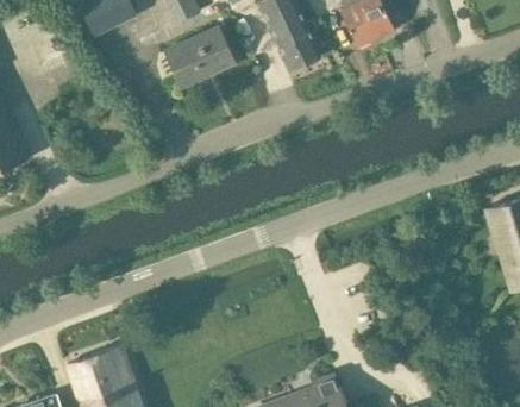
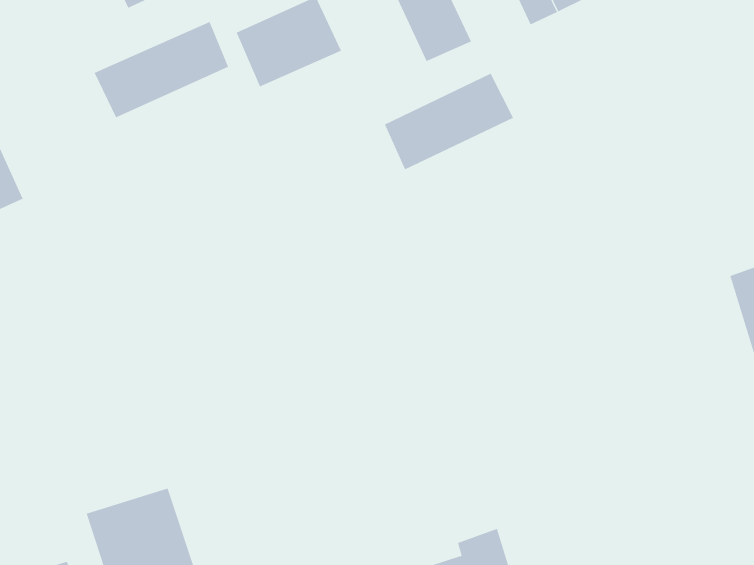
building: none -> [94,21,229,118]
building: none -> [384,73,514,170]

